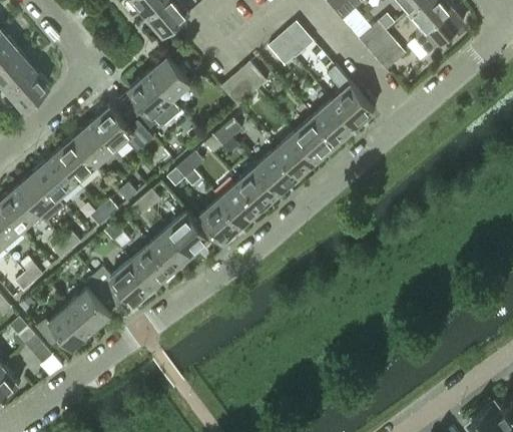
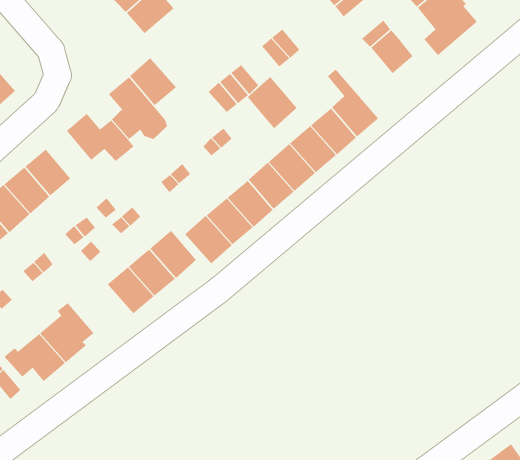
building: none -> [247,76,297,129]
building: [74,122,115,165] -> none
building: [94,261,153,305] -> none

